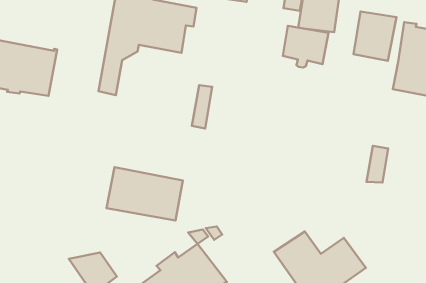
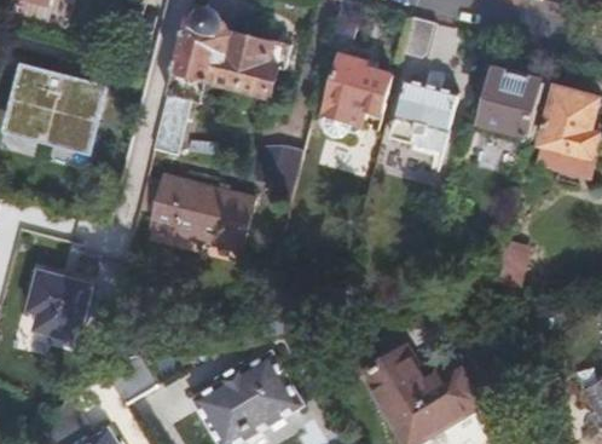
building: none -> [326,56,386,113]
building: [106,167,183,220] -> [152,178,254,253]
building: none -> [25,270,92,339]

